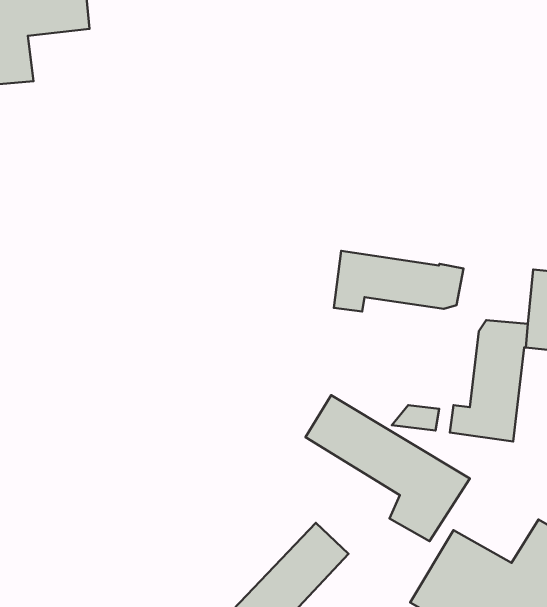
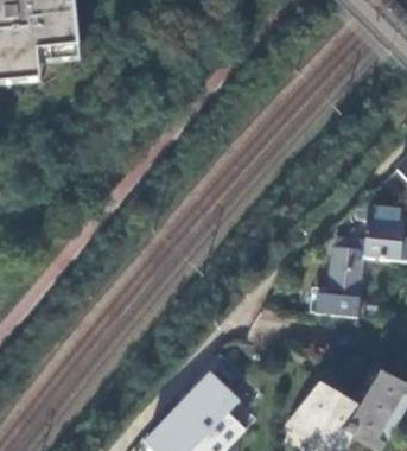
building: [334,251,464,312] -> none
building: [306,395,470,541] -> none

